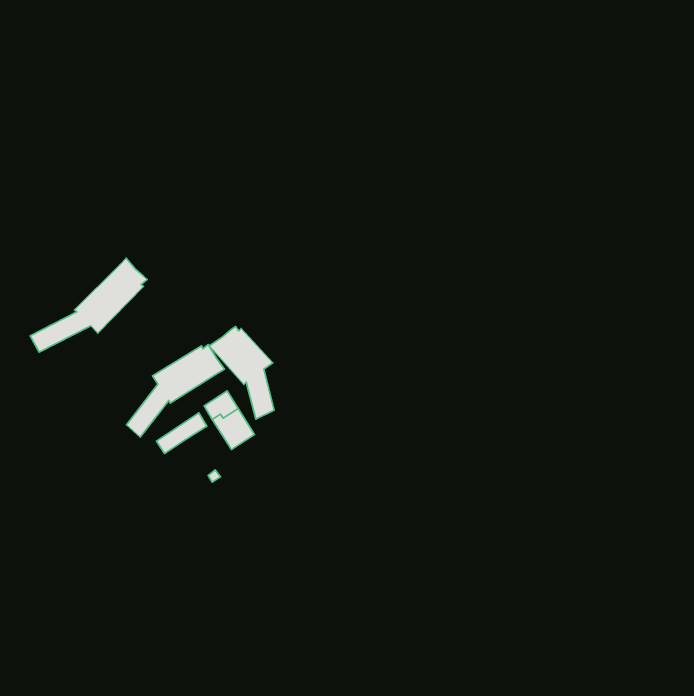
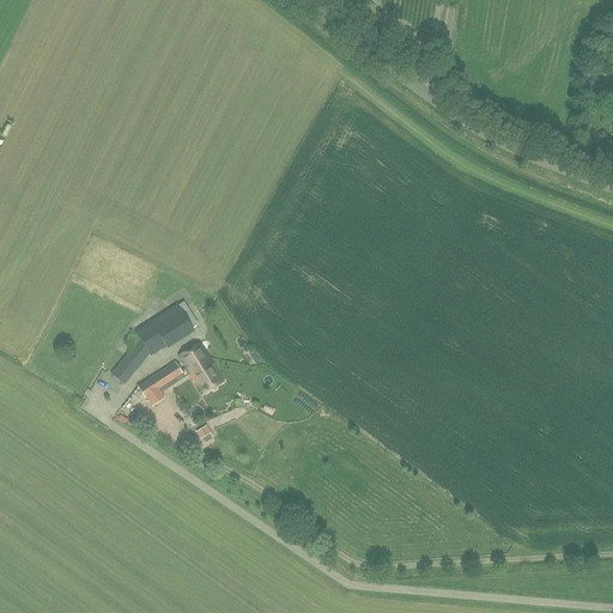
building: [30,258,147,352] -> none
building: [209,326,274,419] -> none

